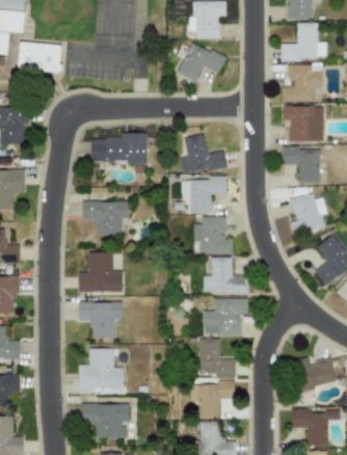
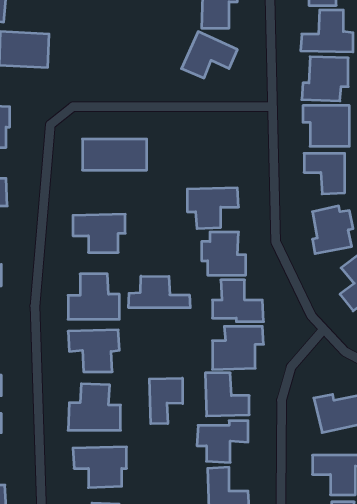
building: [180,134,226,175] -> none
building: none -> [129,276,190,308]
building: none -> [149,378,183,424]

